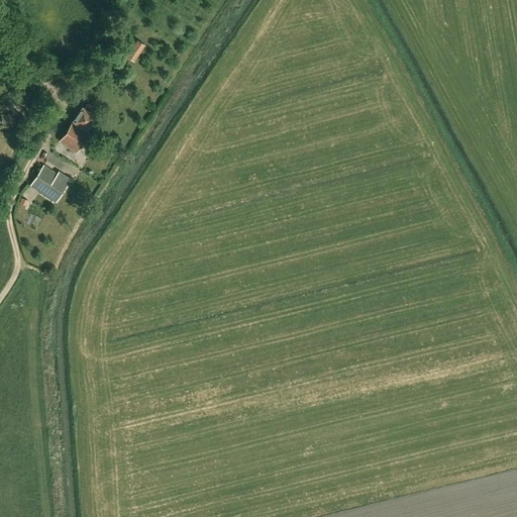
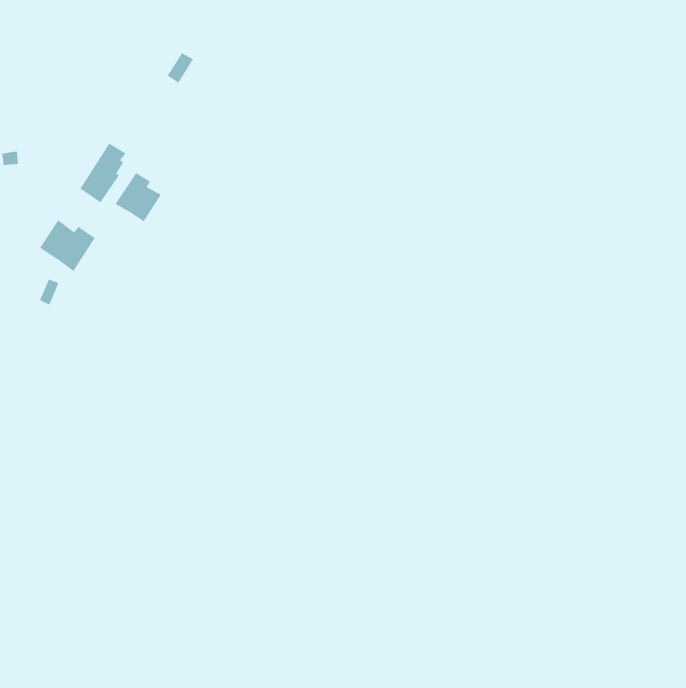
building: none -> [115,172,162,222]

